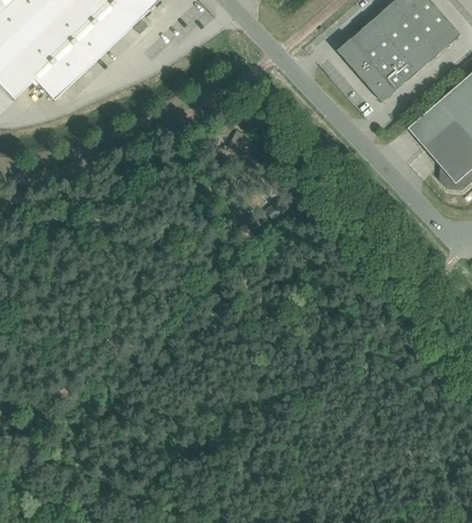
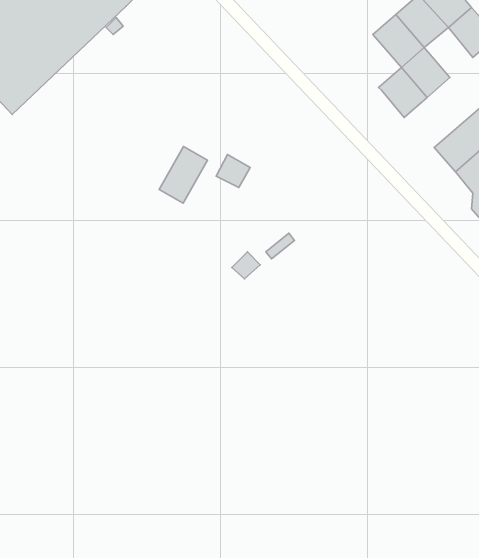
building: [399,26,440,68] -> none
building: [336,32,380,76] -> none
building: none -> [159,146,207,203]

